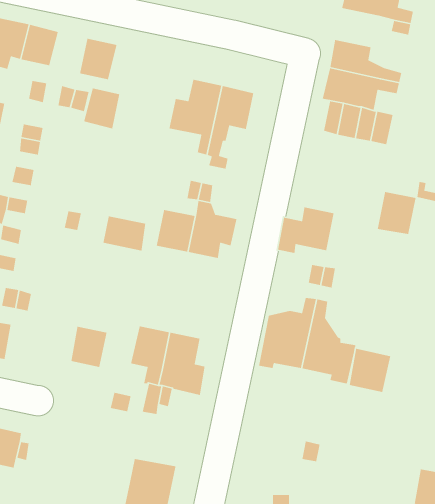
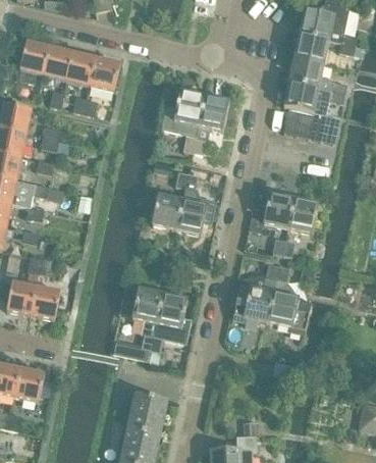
building: none -> [293,34,328,64]
building: [83,87,120,130] -> [66,52,96,86]
building: [377,191,416,235] -> [287,197,319,232]
building: [102,215,146,252] -> none
building: [70,326,107,368] -> [31,286,60,319]
building: [349,348,391,393] -> none

